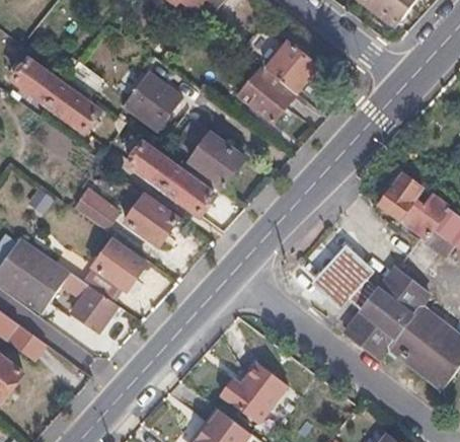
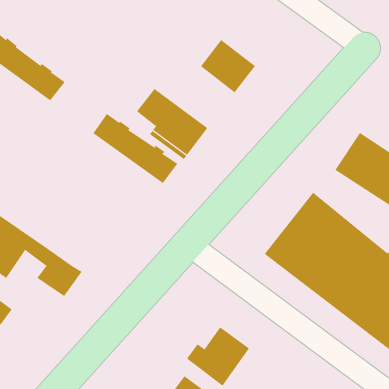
building: [263,43,316,95] -> none
building: [123,74,179,131] -> none
building: [73,189,121,232] -> none
building: [123,196,176,248] -> none
building: [82,239,145,300] -> none

